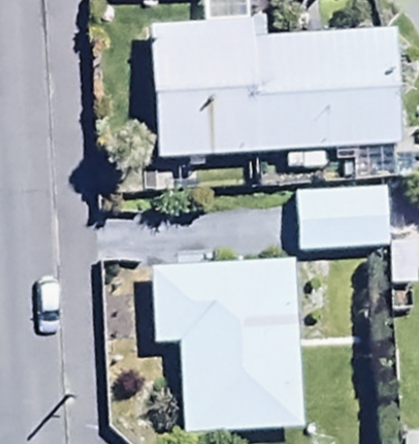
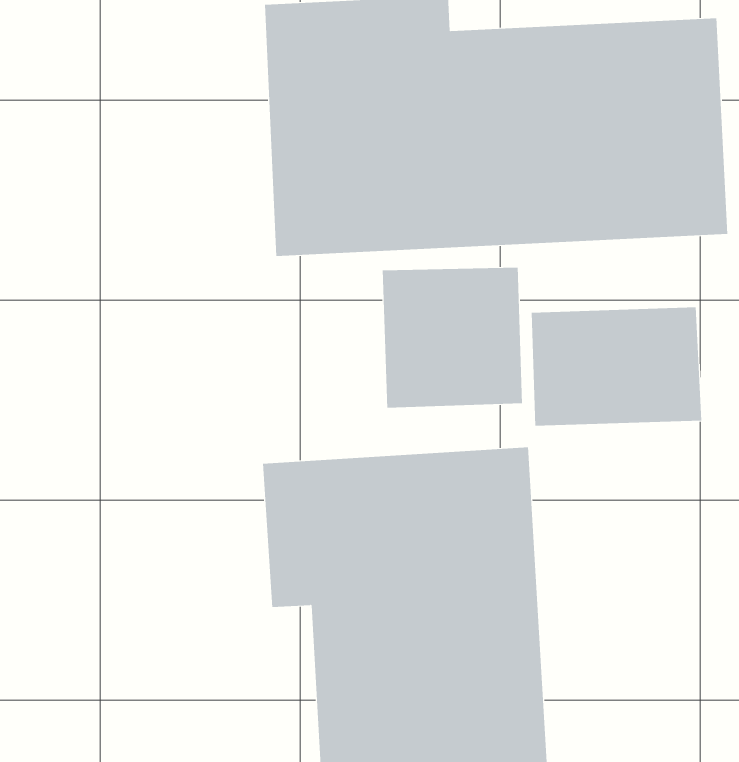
building: none -> [382,267,523,408]

